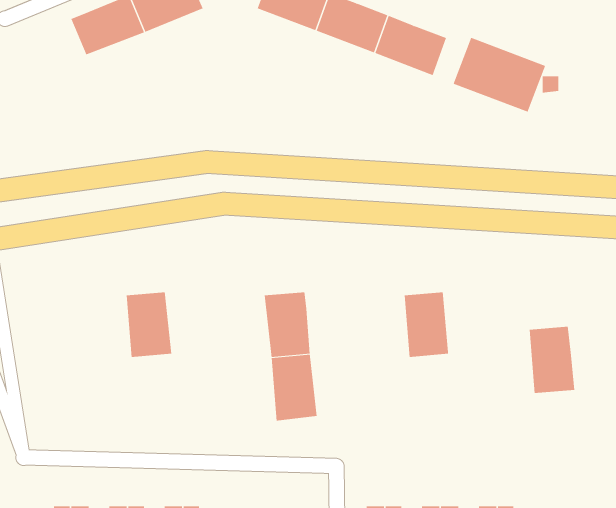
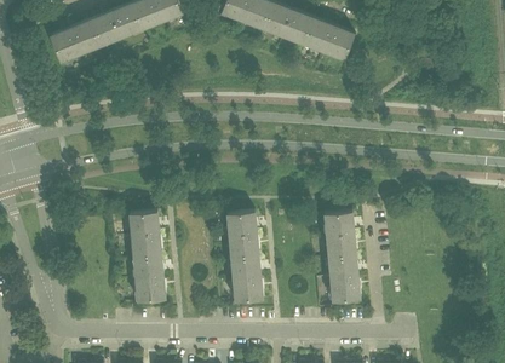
building: none -> [48,19,101,62]
building: [453,37,546,113] -> none
building: [529,326,575,394] -> [327,254,360,301]
building: none -> [132,254,165,301]

